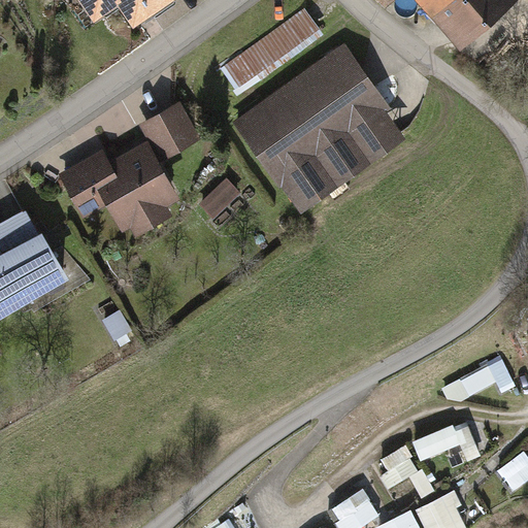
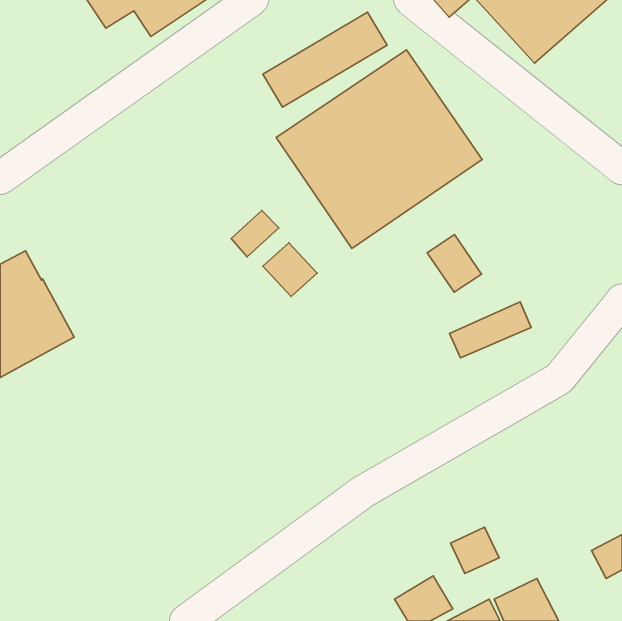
building: [55,101,200,237] -> none
building: none -> [427,235,482,292]
building: none -> [263,243,317,297]
building: [444,357,514,404] -> [450,302,531,358]
building: [417,424,483,465] -> none

